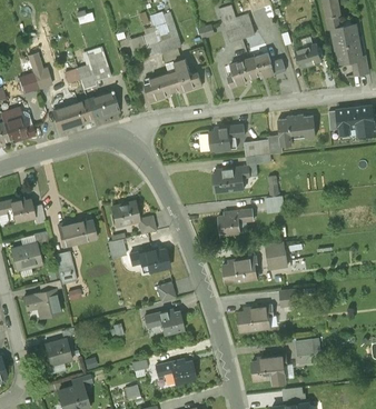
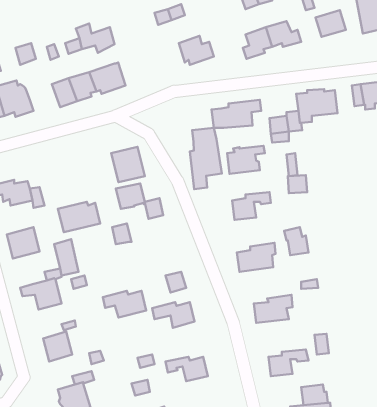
building: [144,72,175,101] -> none
building: none -> [190,128,222,189]
building: none -> [111,147,145,182]
building: [129,248,169,272] -> [103,291,146,318]

